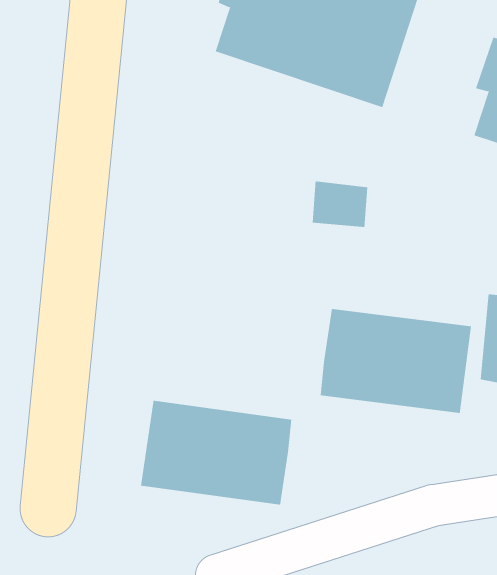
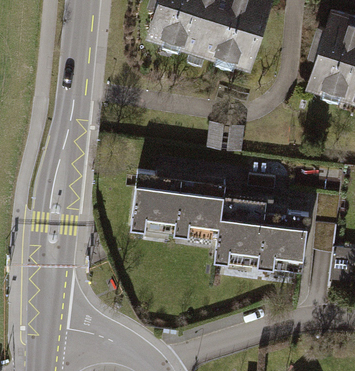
building: [140,400,292,505] -> [129,167,223,232]

